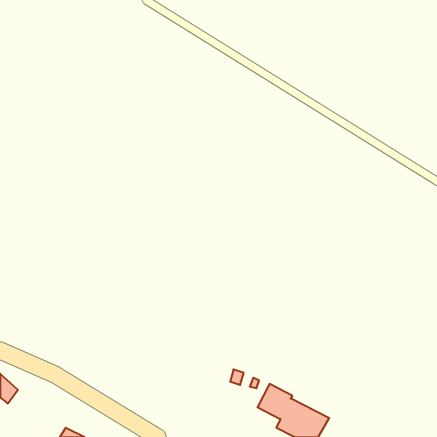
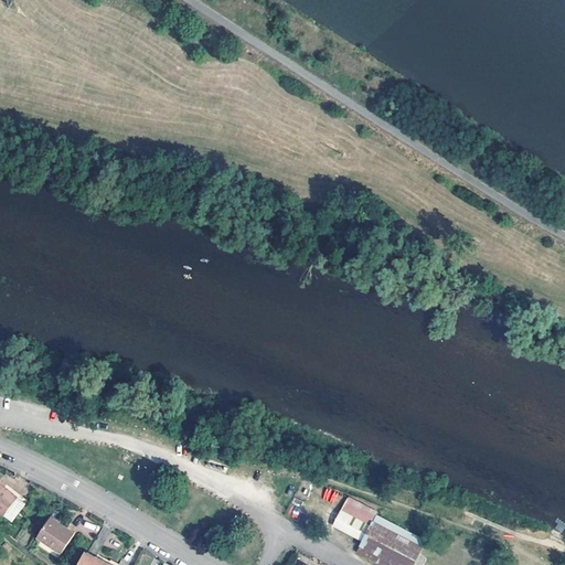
building: none -> [34,516,71,552]

